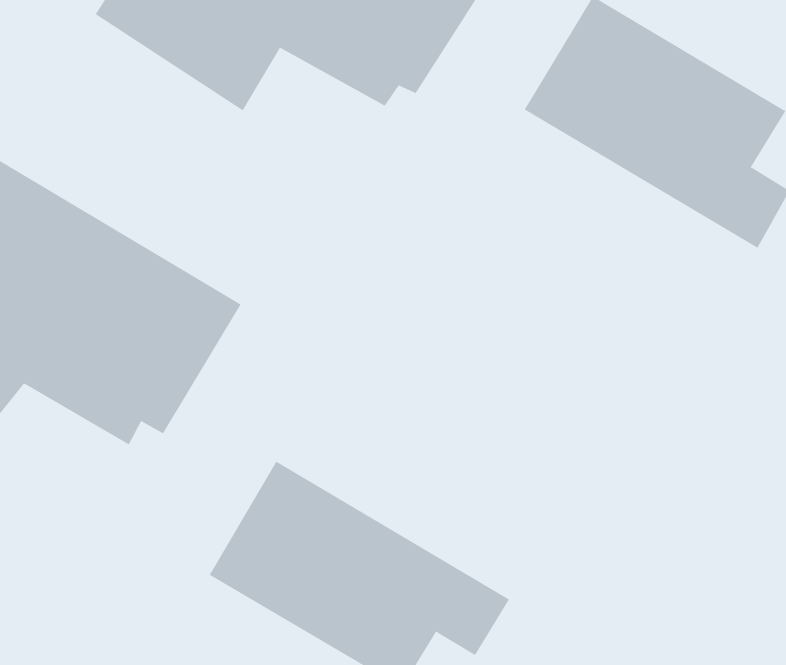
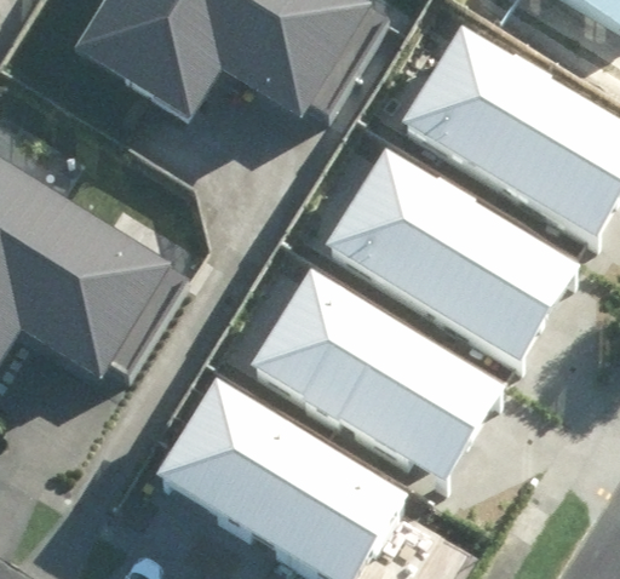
building: none -> [337,151,544,348]
building: none -> [257,281,490,458]

